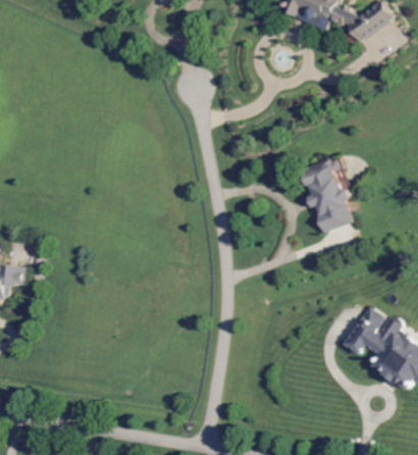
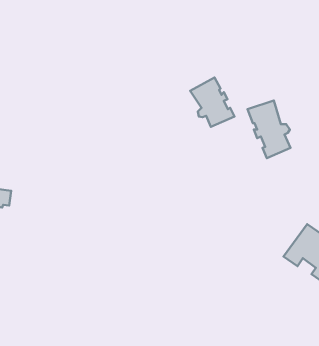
building: none -> [190,78,234,127]

